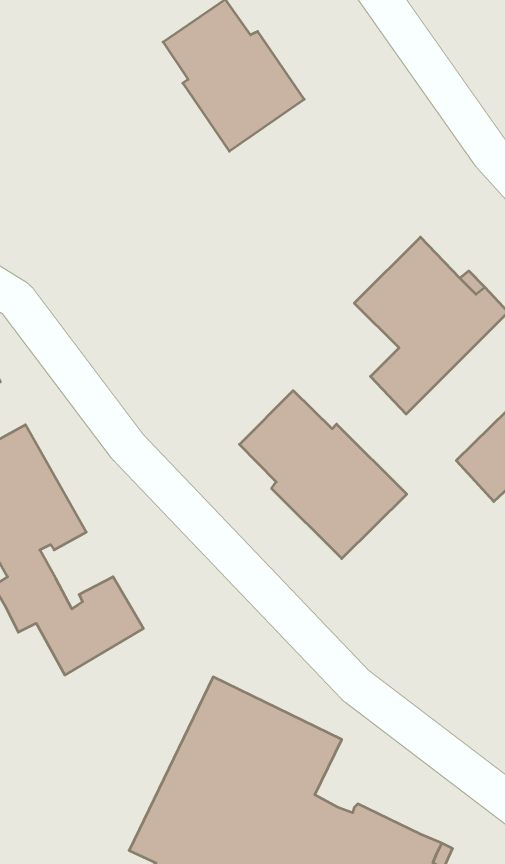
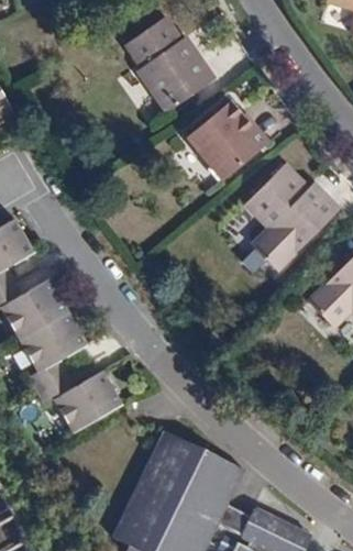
building: none -> [189,100,268,179]
building: [239,391,407,559] -> none

